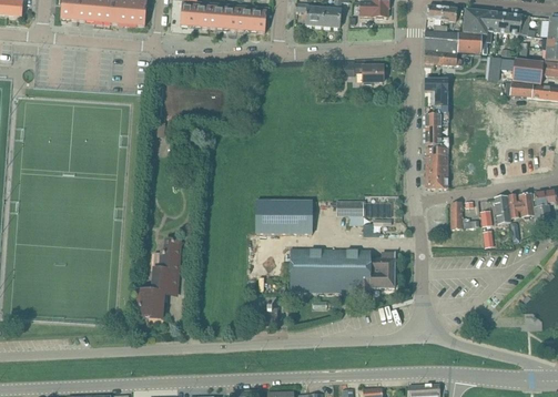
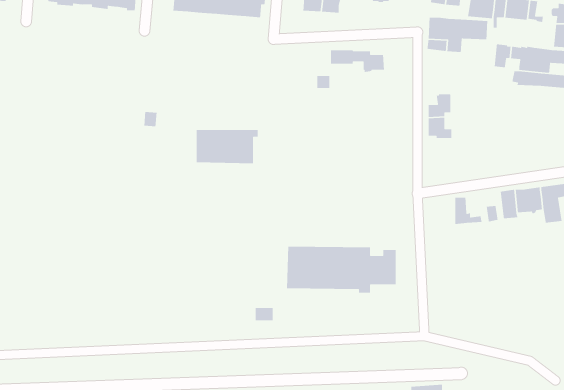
building: [424,79,447,105] -> none
building: [425,147,447,189] -> none
building: [255,201,315,234] -> [196,129,259,164]
building: [336,201,363,224] -> none
building: [136,240,179,316] -> none

